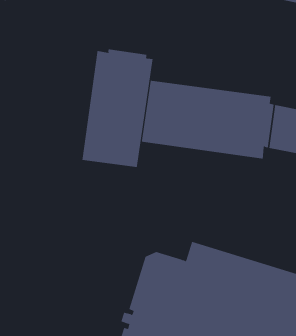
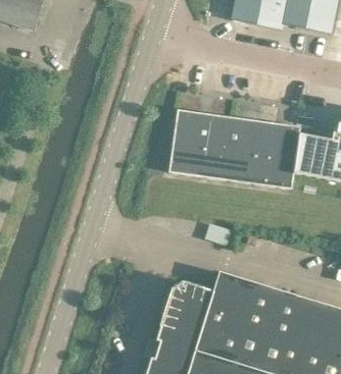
building: [82,49,153,168] -> none

